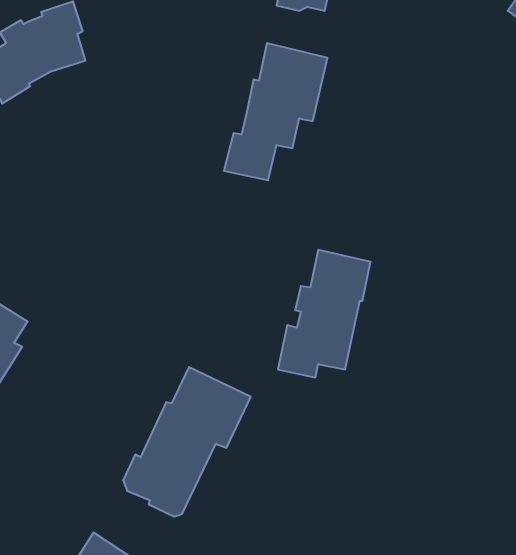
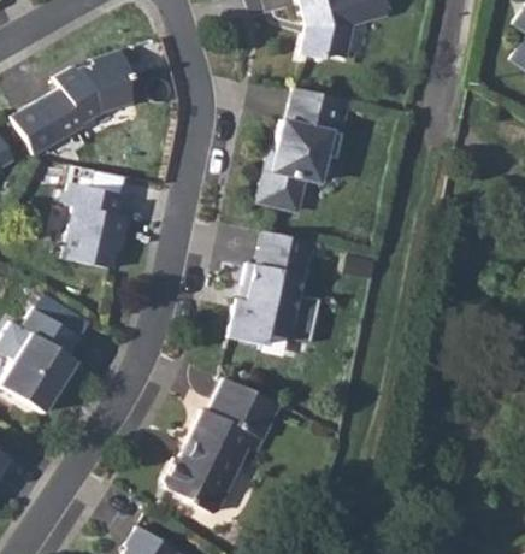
building: none -> [65,182,129,267]
building: [278,250,371,377] -> [229,230,312,344]

